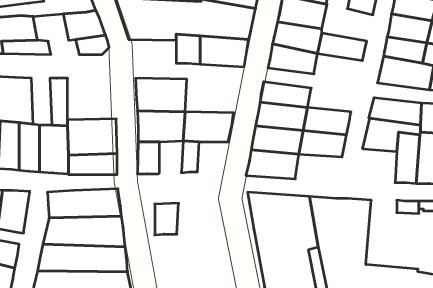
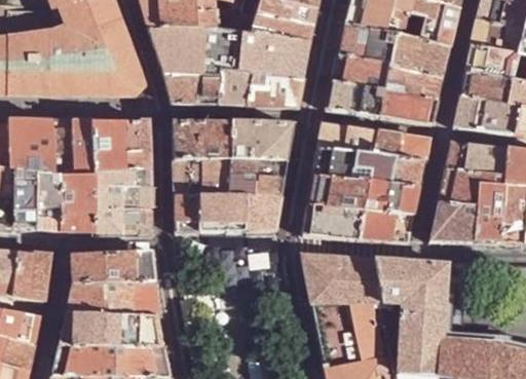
building: none -> [390,34,450,77]
building: none -> [54,45,108,92]
building: none -> [165,75,221,103]
building: none -> [381,91,438,123]
building: none -> [52,120,76,175]
building: none -> [95,120,151,168]
building: none -> [231,121,294,160]
building: none -> [374,131,429,159]
building: none -> [246,194,281,229]
building: none -> [429,202,478,241]
building: none -> [360,209,414,240]
building: [155,203,179,235] -> [201,193,229,230]

